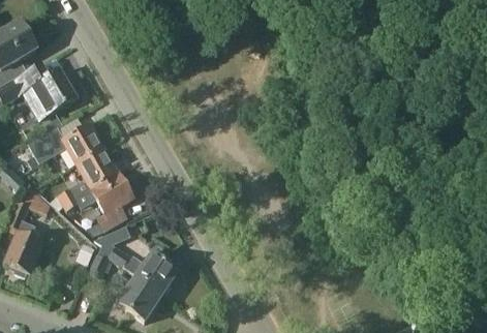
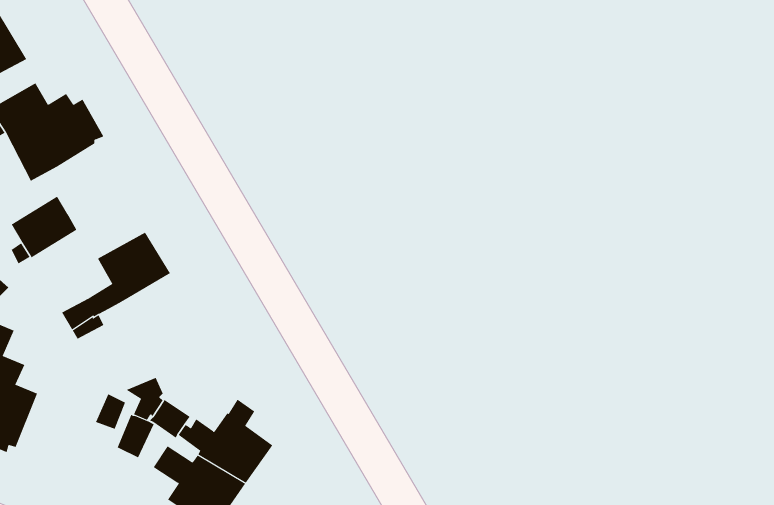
building: [62,122,104,163] -> none
building: [84,172,133,230] -> none

